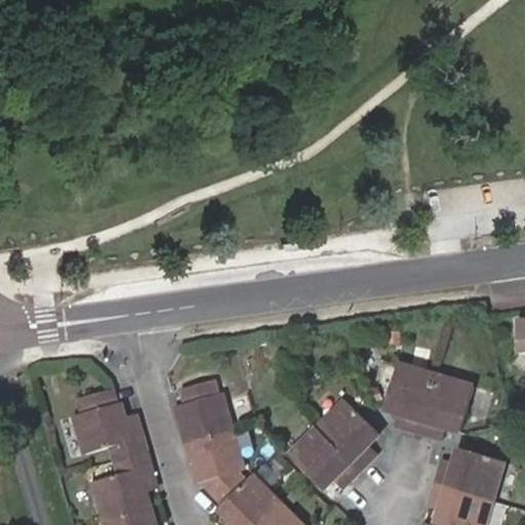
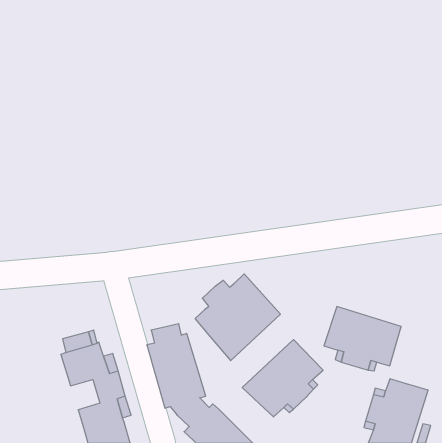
building: none -> [195,274,280,361]

